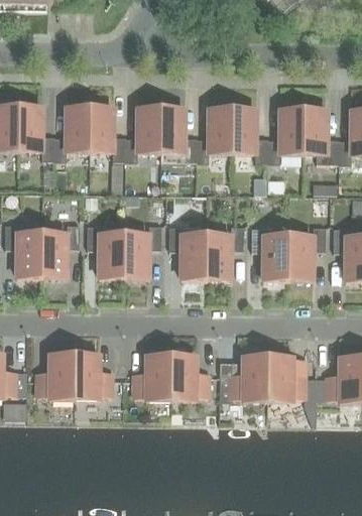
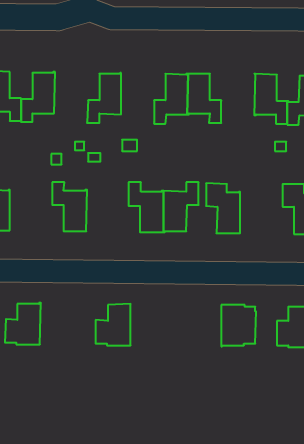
building: [89,107,125,160] -> none
building: [160,108,196,160] -> none
building: [267,109,303,162] -> none
building: [41,223,79,276] -> none
building: [123,224,161,277] -> none
building: [287,226,325,279] -> none
building: [74,354,111,398] -> none
building: [170,355,208,399] -> none
building: [230,356,267,400] -> none

